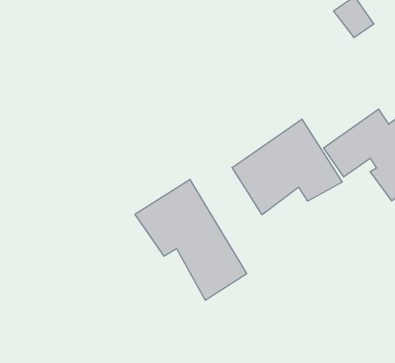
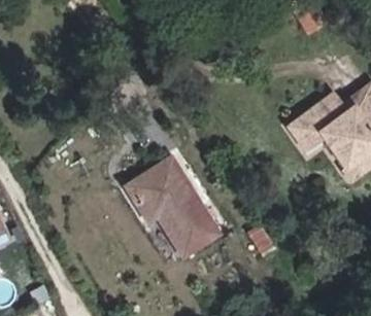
building: [232,119,342,215] -> none

